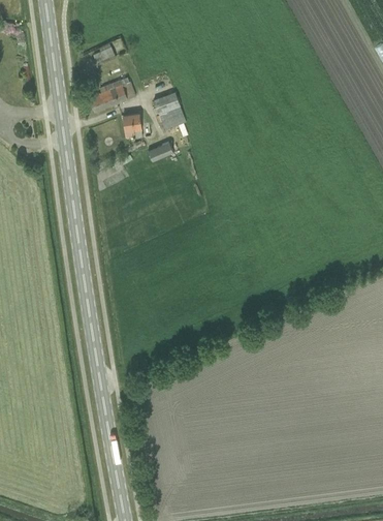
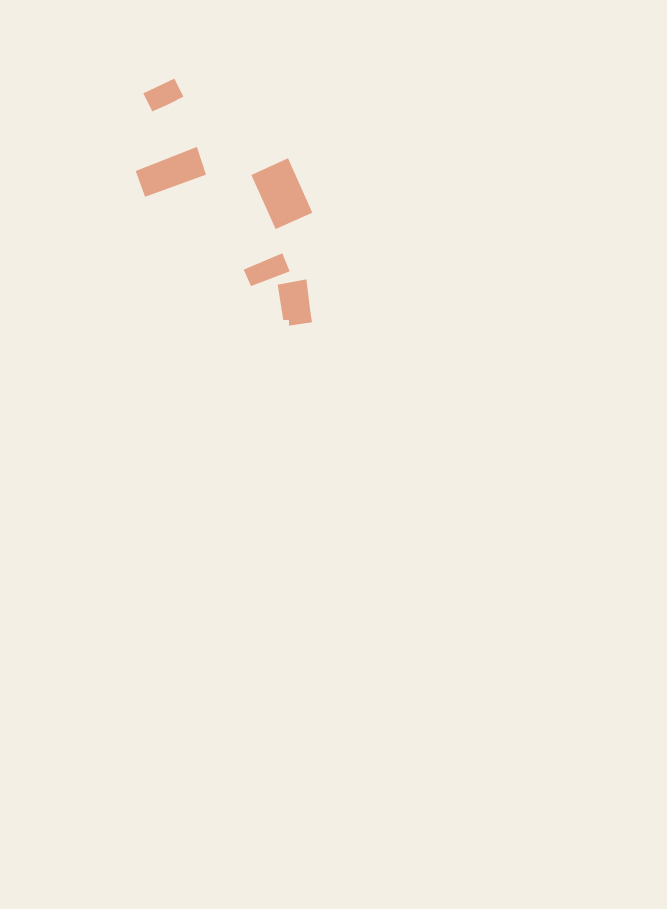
building: [123,112,142,137] -> [277,279,313,326]

